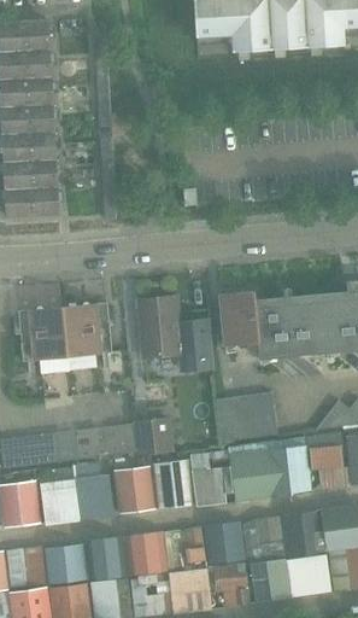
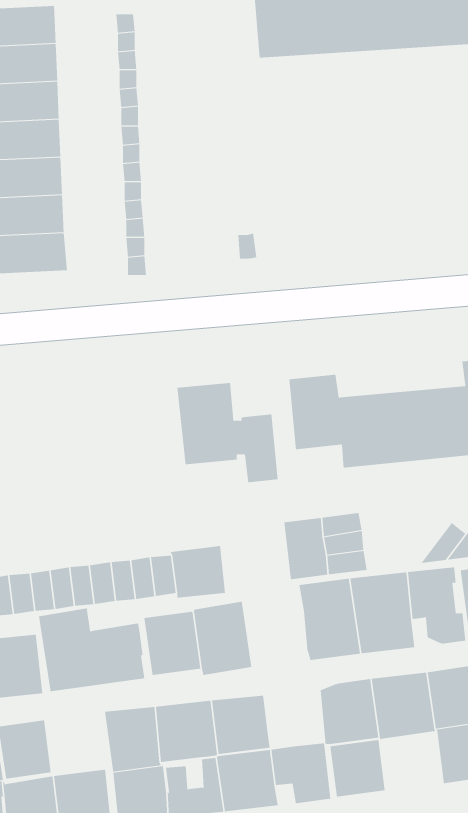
building: [13,303,116,361] -> none
building: [189,451,231,506] -> none
building: [201,519,245,556] -> none
building: [43,543,87,583] -> none
building: [286,553,333,596] -> none

